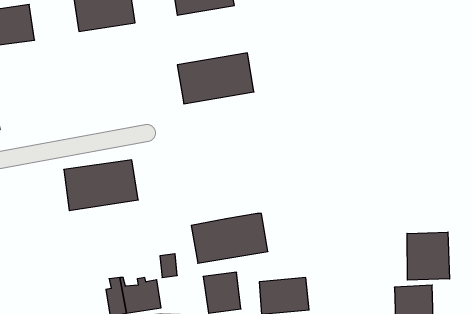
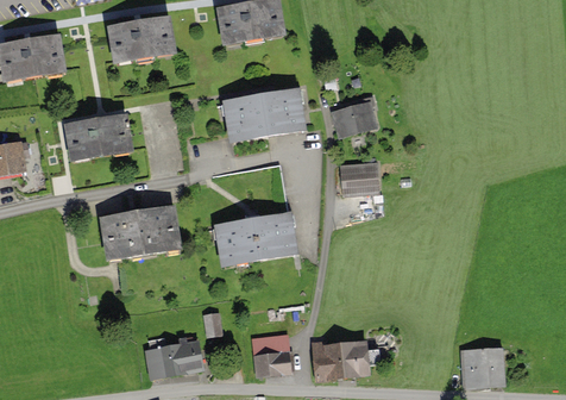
building: none -> [331,94,377,138]
building: none -> [63,113,132,162]
building: none -> [339,158,379,193]
building: [191,214,268,263] -> [214,211,298,265]
building: [407,232,450,280] -> none

